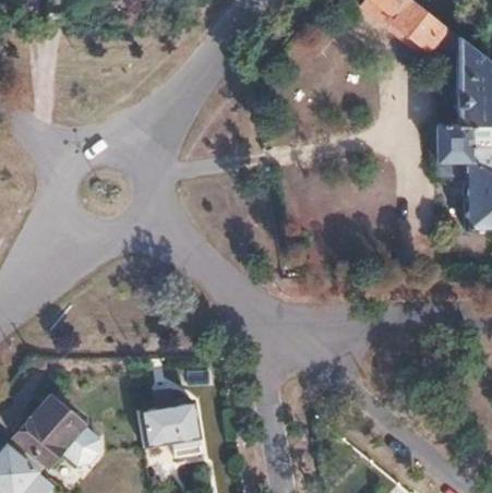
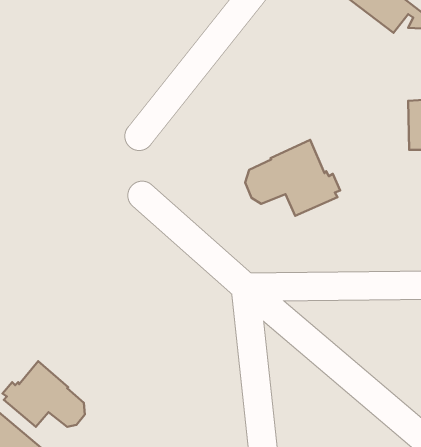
building: none -> [245,140,340,216]
building: [139,399,202,457] -> none

